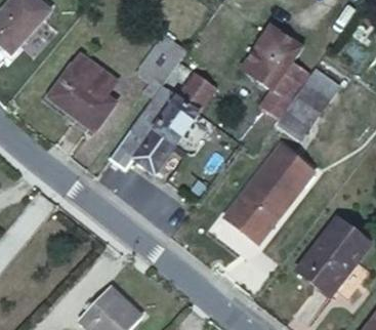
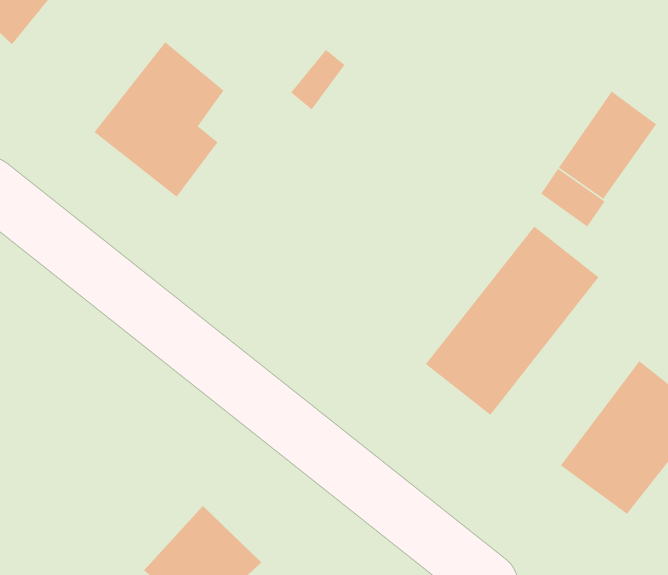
building: [249,32,310,121] -> none
building: [110,74,219,173] -> none

